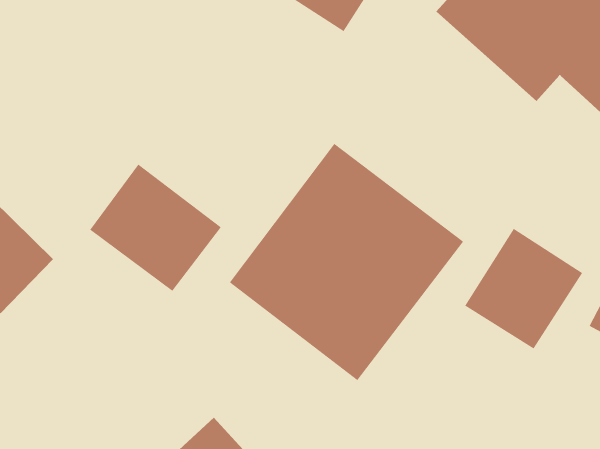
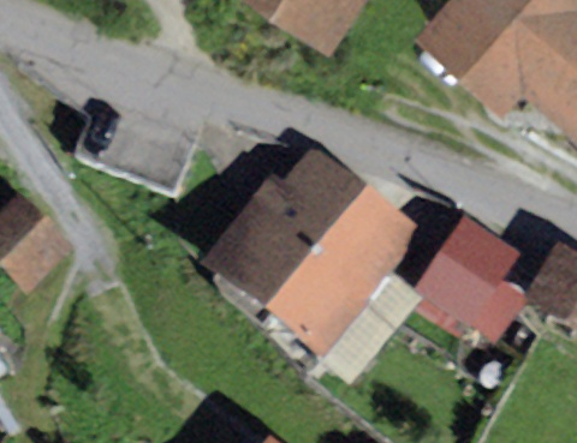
building: [89,163,222,292] -> none

